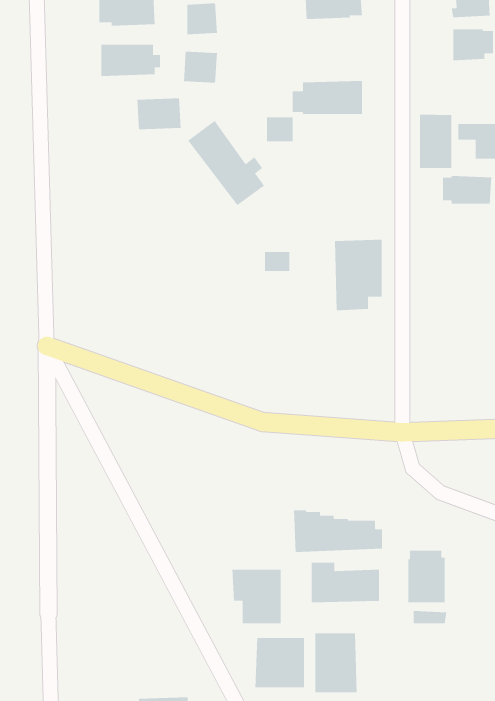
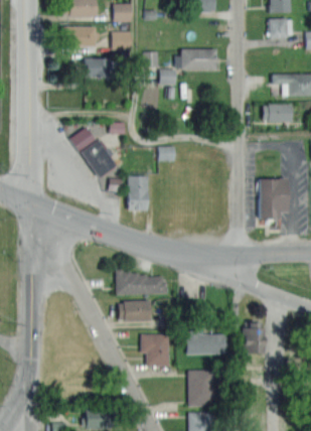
building: [419,114,452,169] -> none
building: [187,120,265,206] -> [69,126,115,176]
building: [334,239,383,311] -> [259,177,287,220]
building: none -> [127,174,147,209]
building: [293,510,383,553] -> [115,270,167,295]
building: none -> [119,300,150,321]
building: [254,637,305,688] -> none

